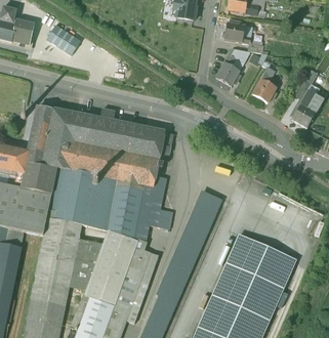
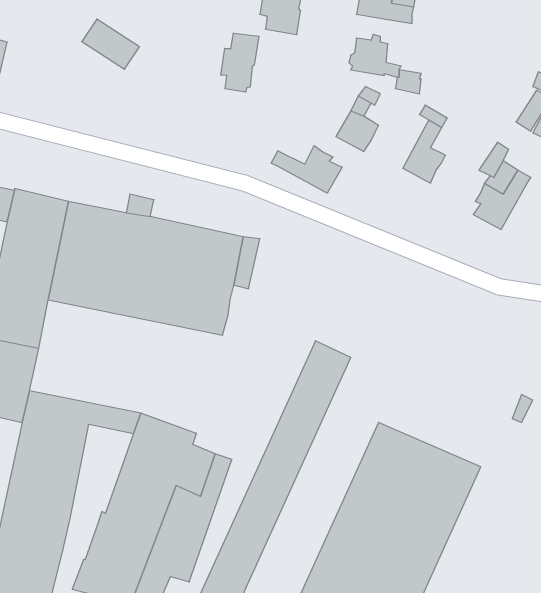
building: none -> [221,33,259,92]
building: [47,26,79,53] -> [82,19,139,69]
building: none -> [271,146,342,193]
building: [46,167,172,242] -> none
building: [69,236,104,290] -> none

